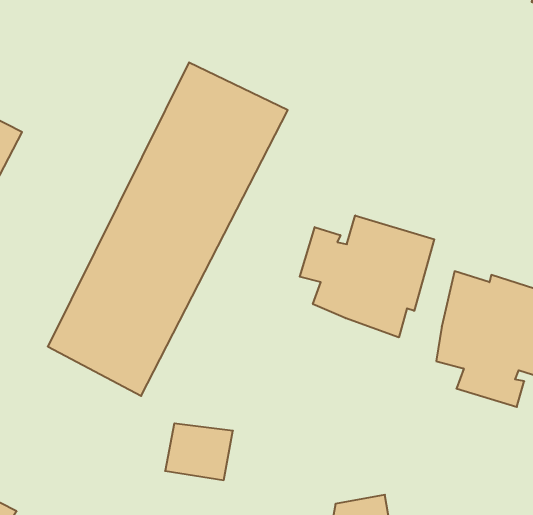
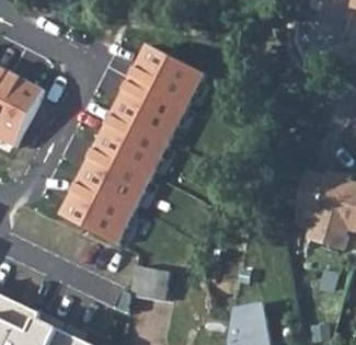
building: [300,215,434,337] -> none

